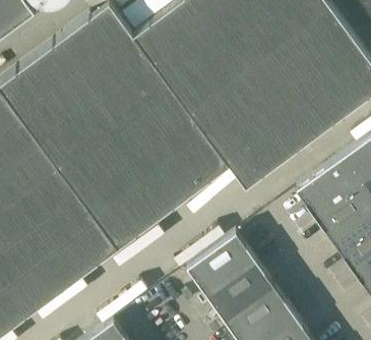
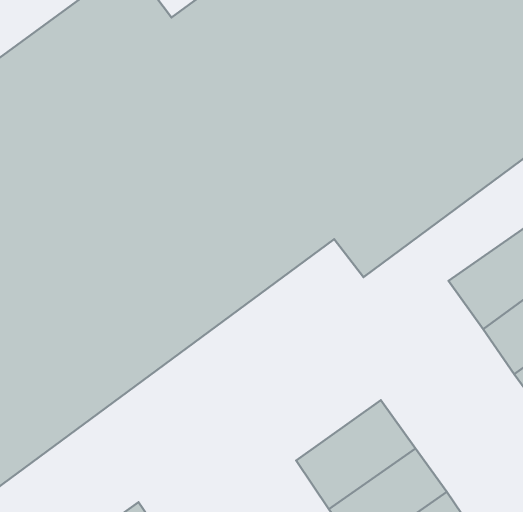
building: [187,234,256,297] -> none

